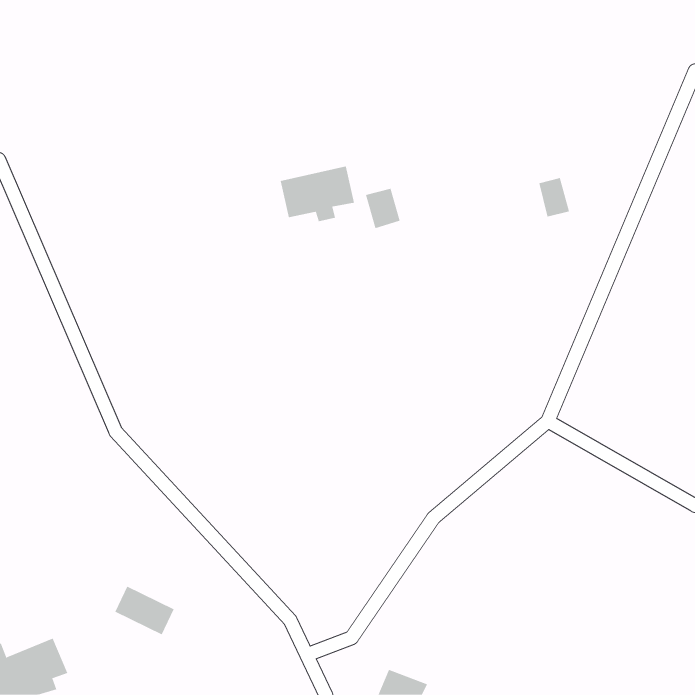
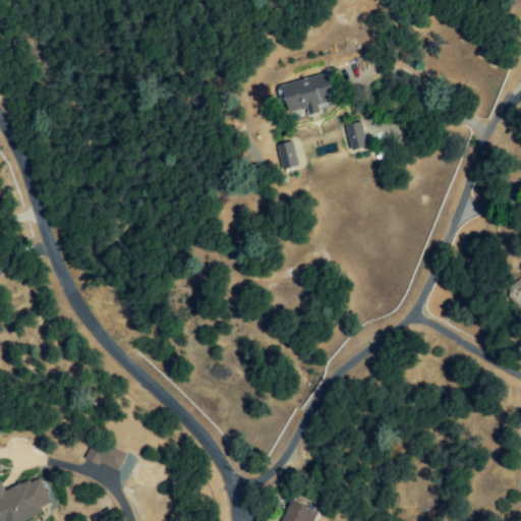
building: [280,166,355,222] -> [280,73,336,115]
building: [539,178,570,217] -> [345,121,368,151]

